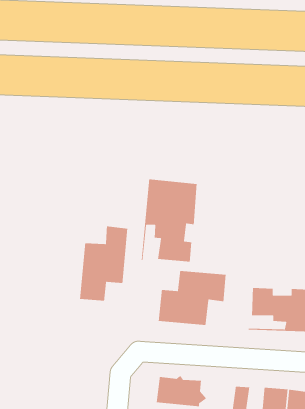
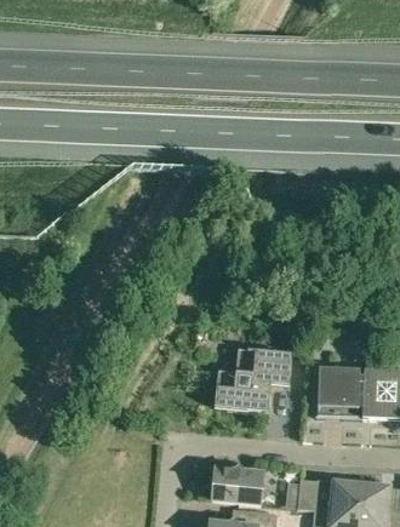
building: [141,178,198,263] -> none
building: [79,226,128,302] -> none

